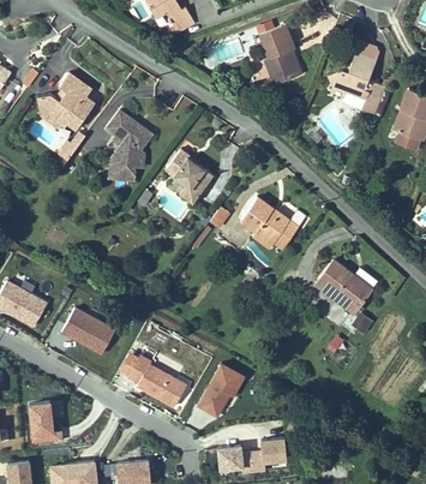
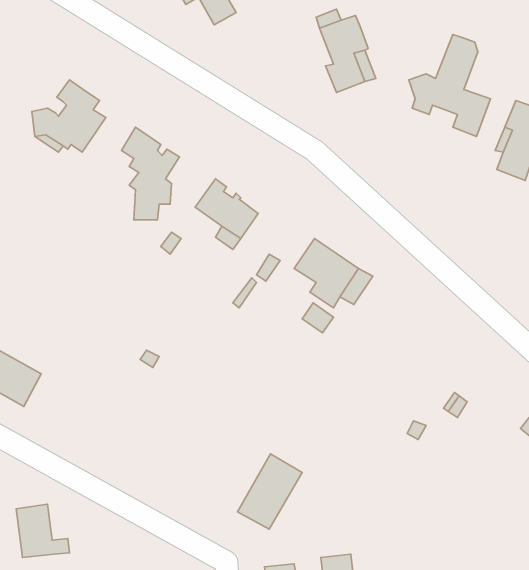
building: [317,261,373,313] -> none
building: [62,304,116,352] -> none
building: [128,352,188,407] -> none

